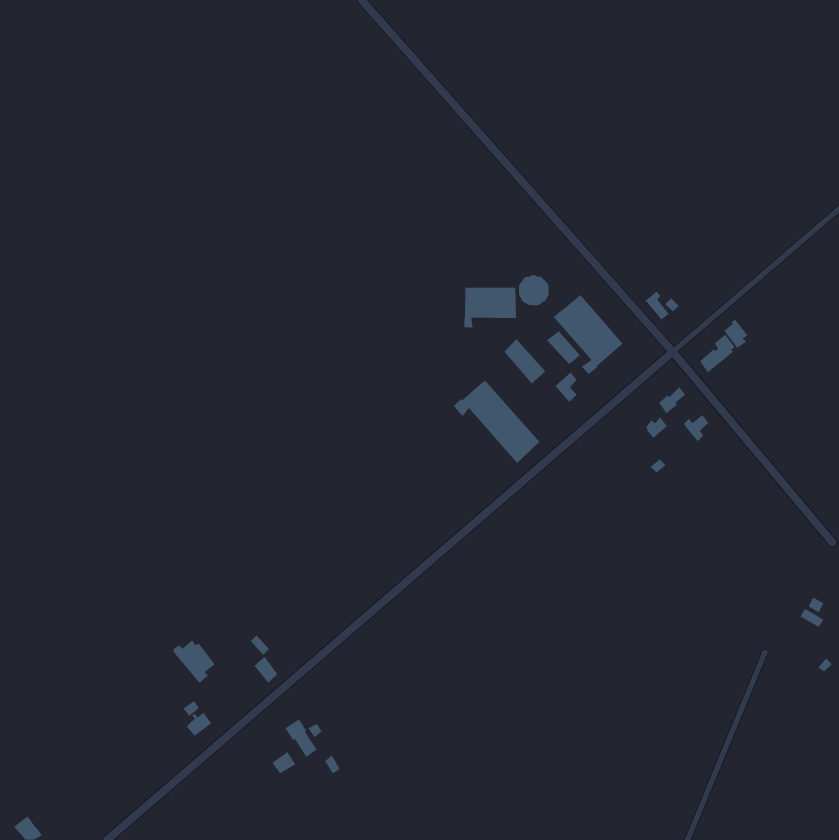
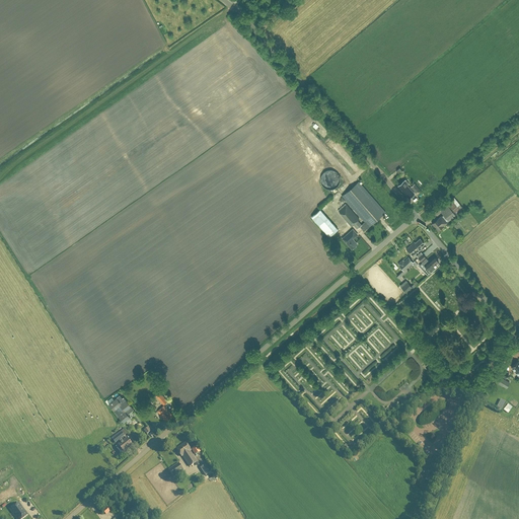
building: [464,287,517,329] -> none
building: [453,379,540,464] -> none

